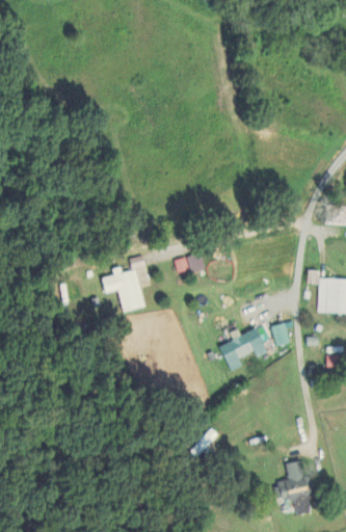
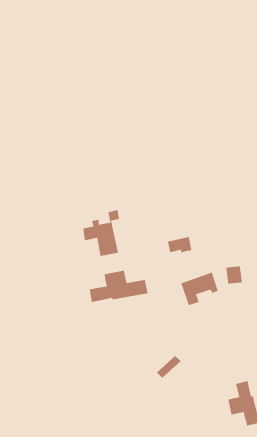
building: [175,252,205,272] -> [167,236,192,253]
building: none -> [89,270,148,303]

